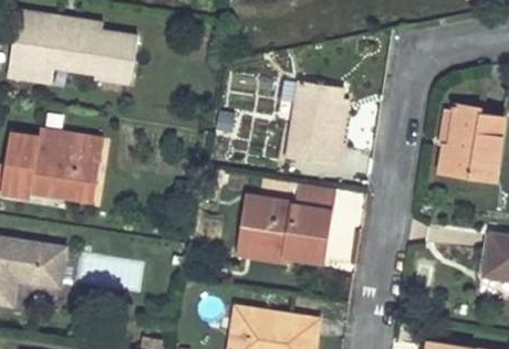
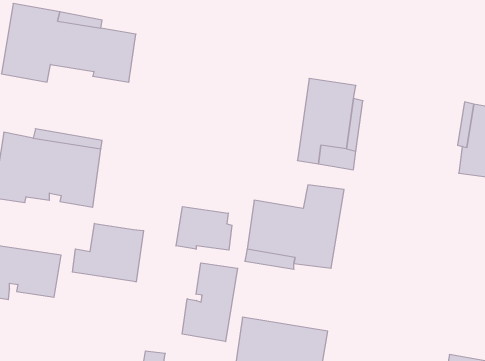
building: none -> [176,207,232,250]
building: none -> [72,223,144,282]
building: none -> [182,263,238,342]

